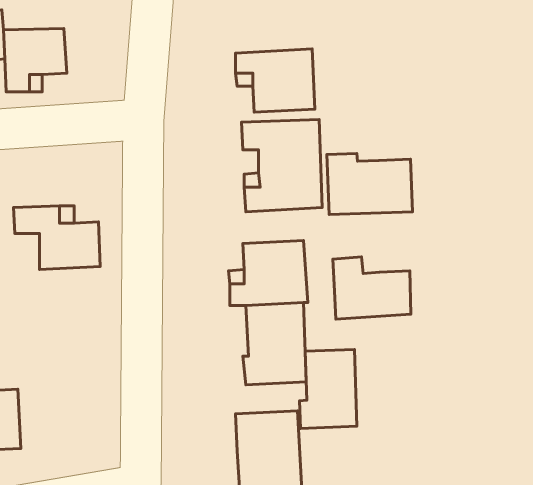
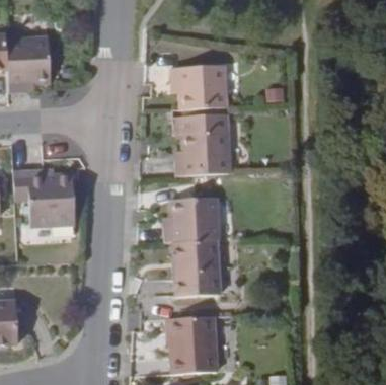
building: [327,153,412,215] -> none
building: [333,257,411,319] -> none
building: [299,350,357,429] -> none

